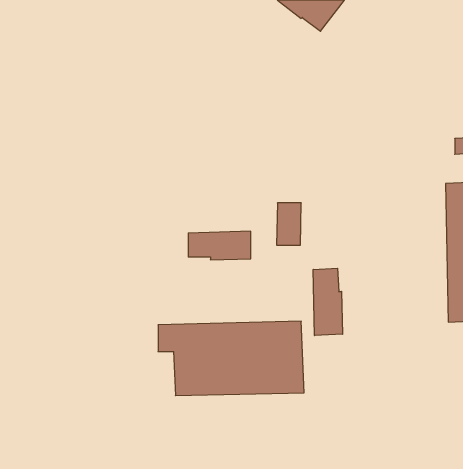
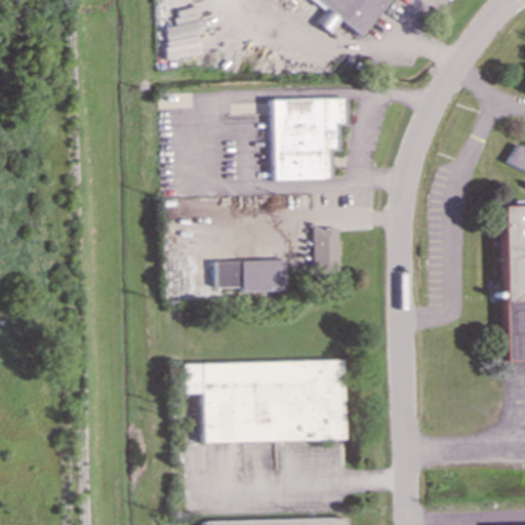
building: none -> [273,96,350,180]
building: [313,268,343,336] -> none

